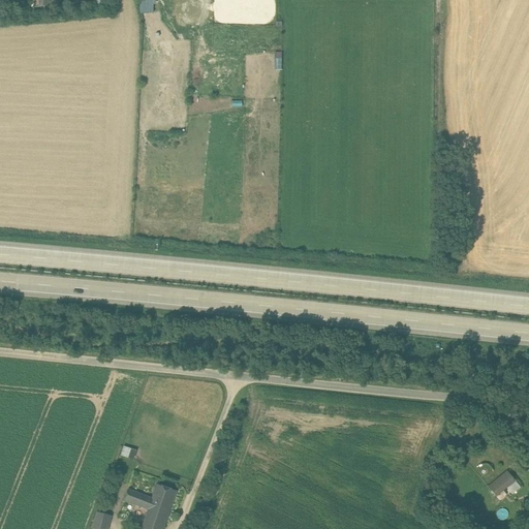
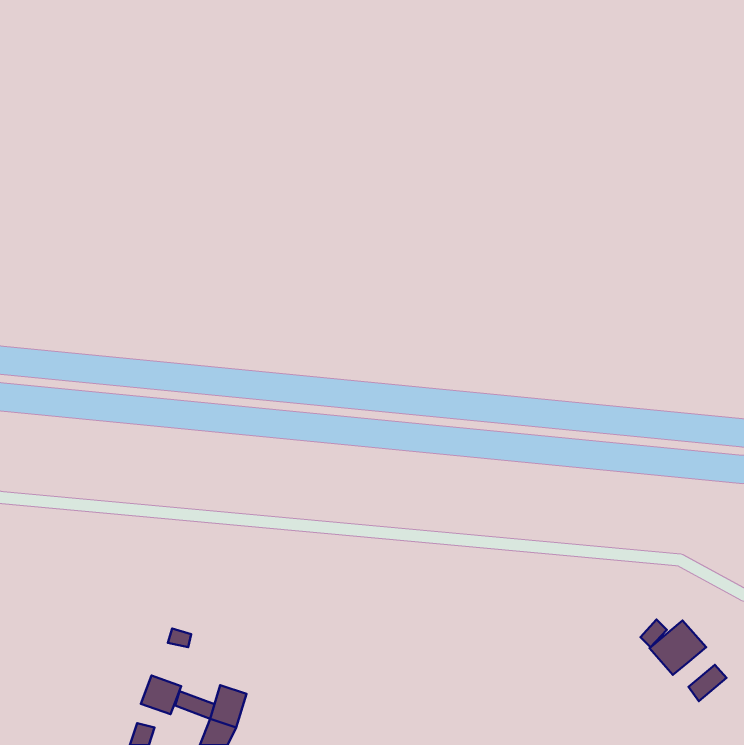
building: none -> [649,621,706,675]
building: none -> [141,676,181,714]

